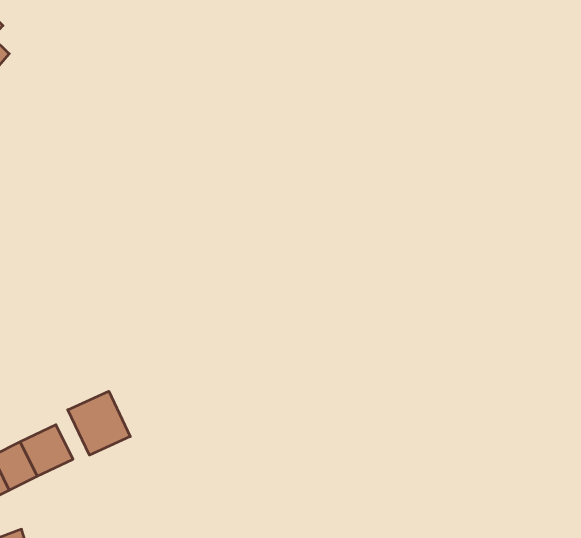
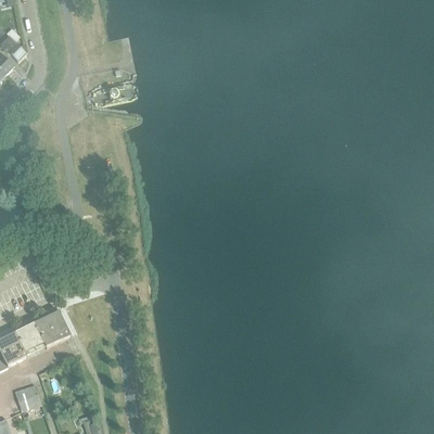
building: [68,391,130,455] -> none

